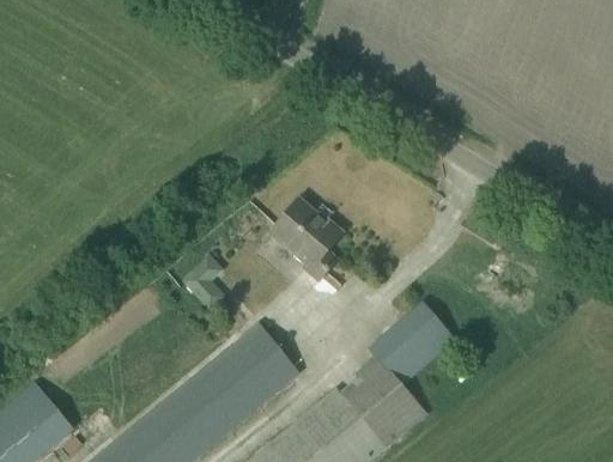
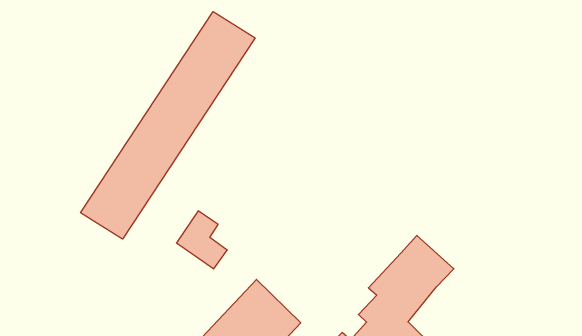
building: none -> [81,12,255,239]
building: [269,199,341,279] -> none

